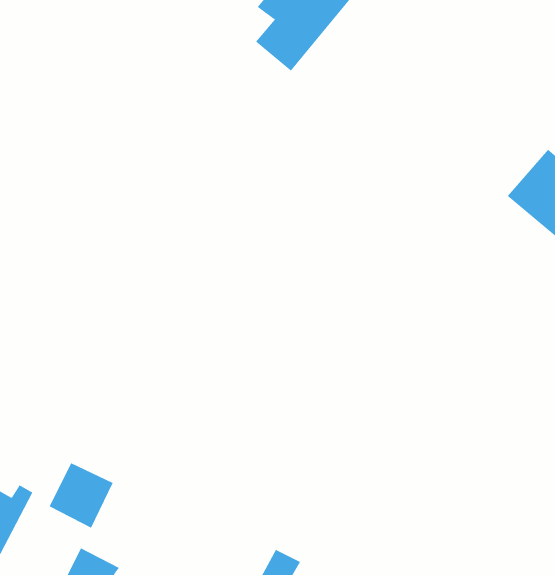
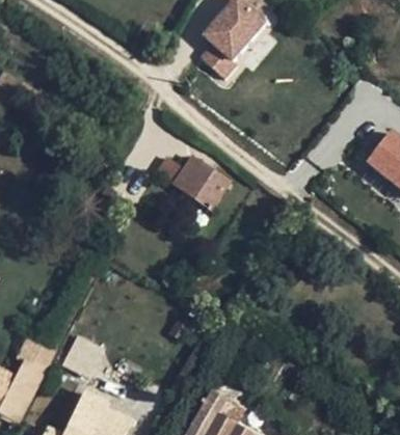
building: none -> [158,157,233,211]

